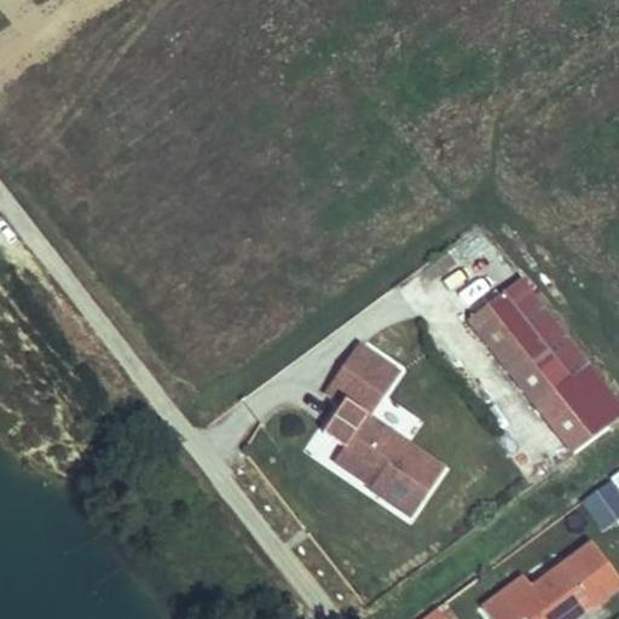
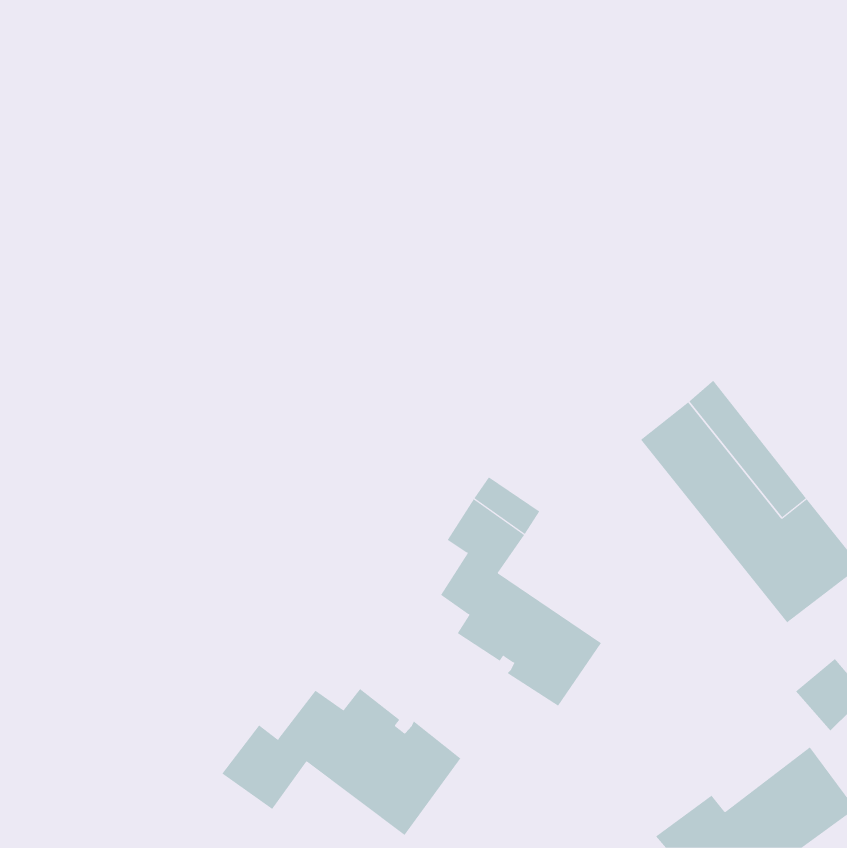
building: none -> [221,688,461,836]

